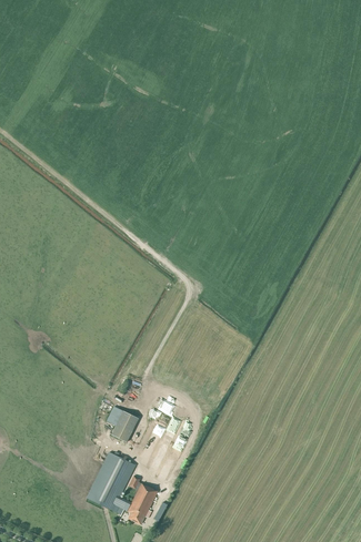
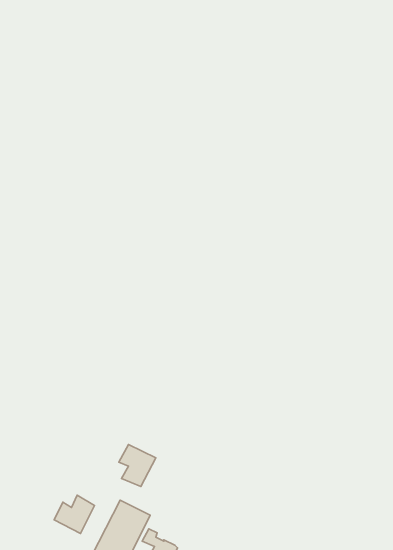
building: none -> [54,495,95,534]

